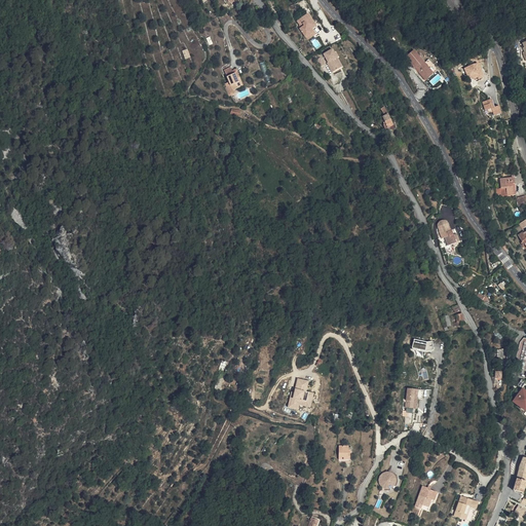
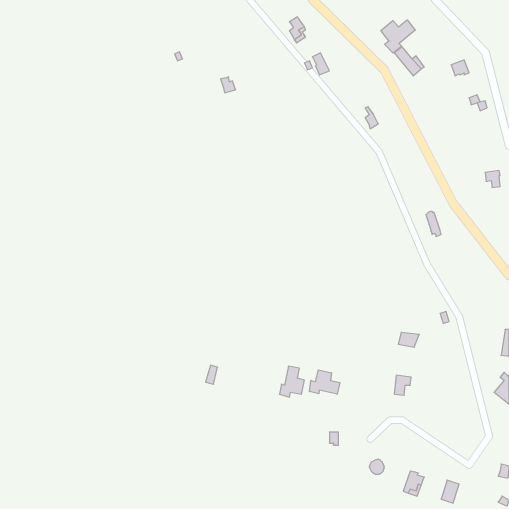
building: none -> [381,20,415,53]
building: none -> [309,370,340,394]

